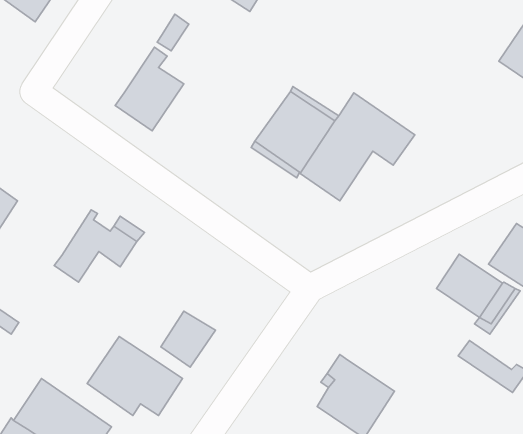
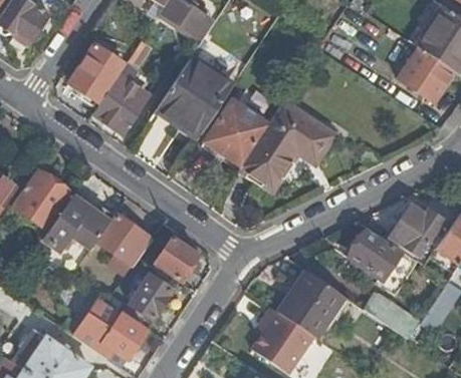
building: none -> [70,44,126,102]
building: none -> [157,59,232,136]
building: none -> [13,168,74,231]
building: none -> [100,214,154,266]
building: none -> [155,236,198,279]
building: none -> [278,272,345,339]

